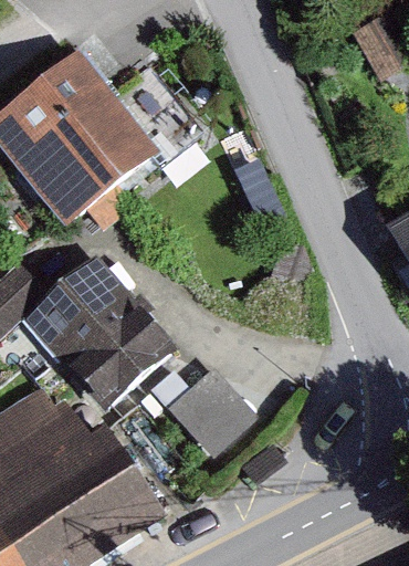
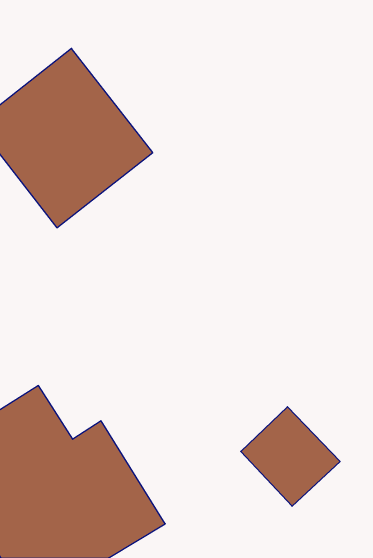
building: [17,247,174,408] -> none
building: [162,354,259,450] -> [241,407,340,506]

